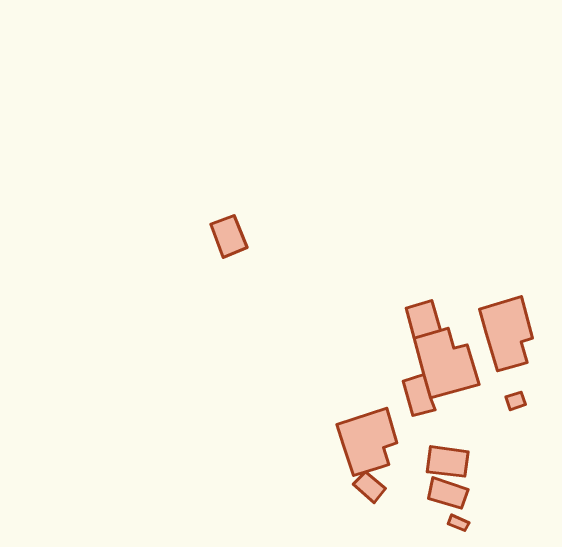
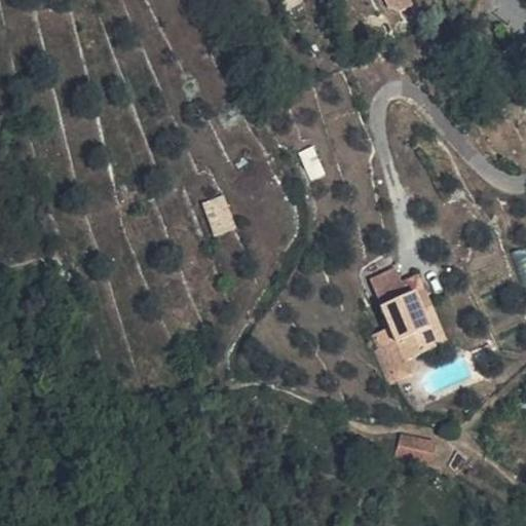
building: [479,297,533,371] -> none
building: [337,408,397,476] -> none

